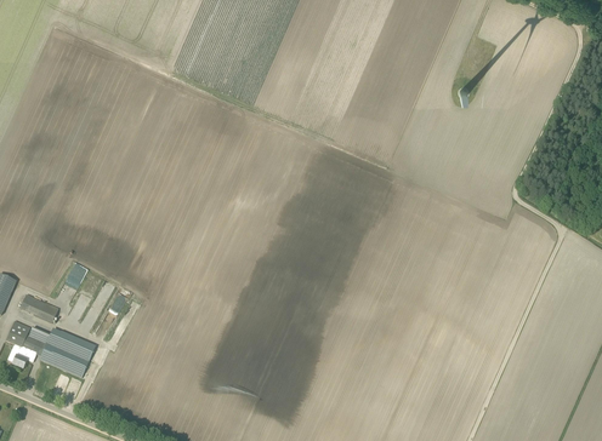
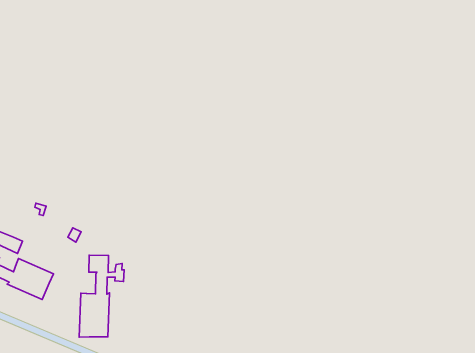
building: none -> [79,255,124,337]

